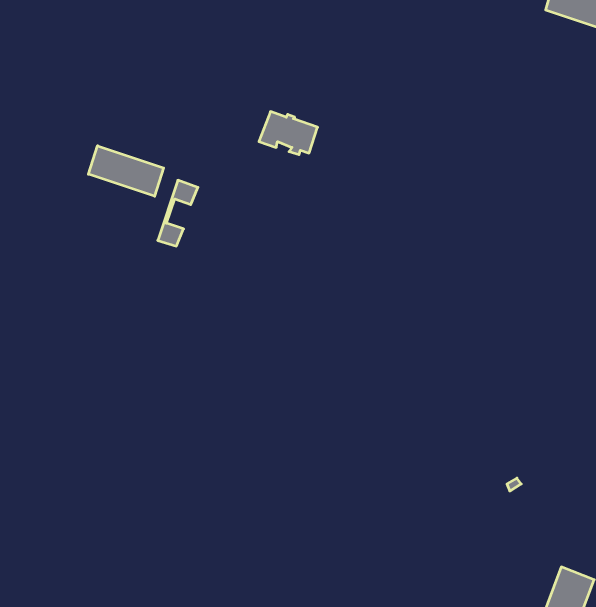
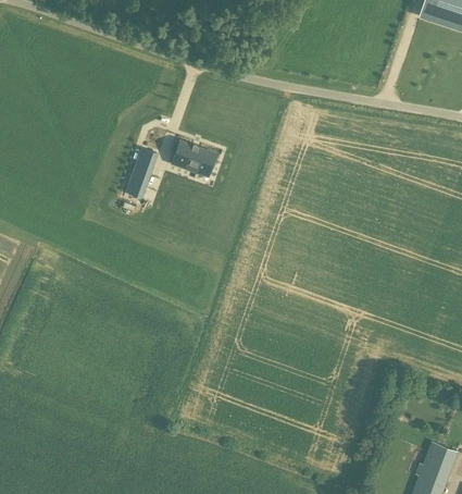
building: [259,112,318,155] -> [171,140,215,173]
building: [88,146,164,196] -> none

